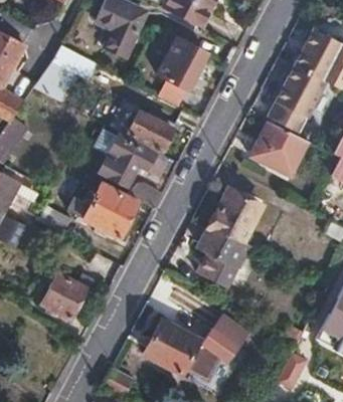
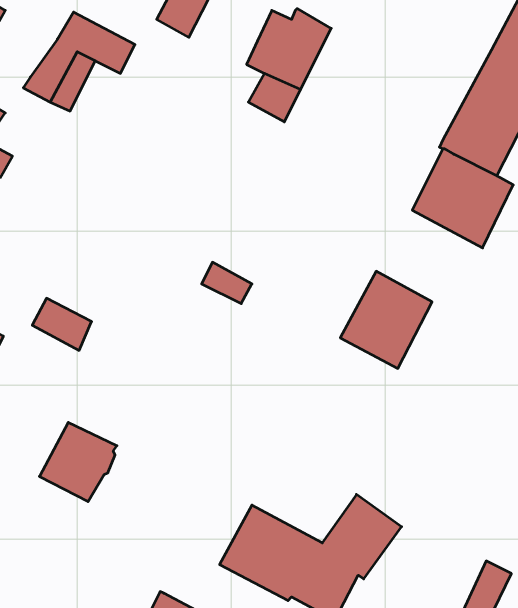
building: [130,113,174,150] -> none
building: [99,136,154,187] -> none
building: [68,183,139,238] -> none
building: [198,227,248,289] -> none

